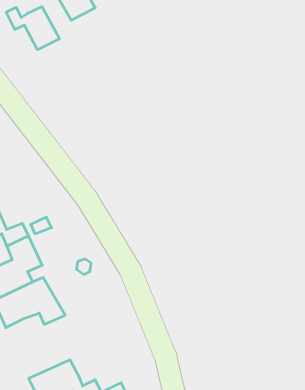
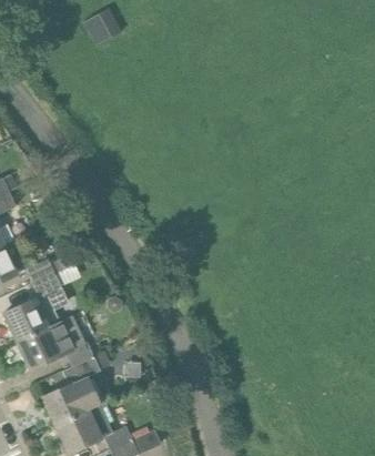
building: [6,7,59,50] -> none
building: none -> [42,356,100,424]

